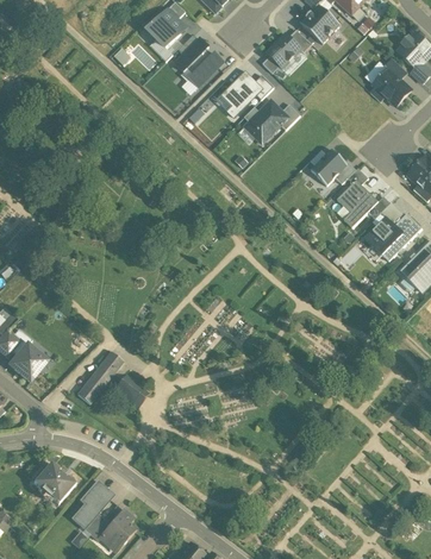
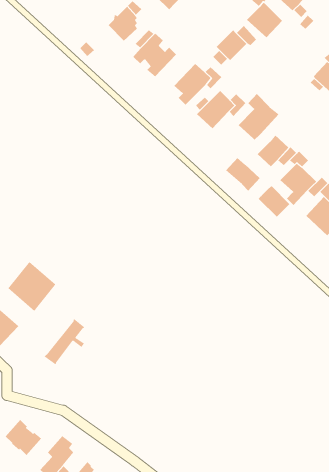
building: none -> [238,93,280,140]
building: none -> [225,157,260,191]
building: none -> [258,185,290,218]
building: none -> [8,261,56,312]
building: [112,373,150,409] -> none

